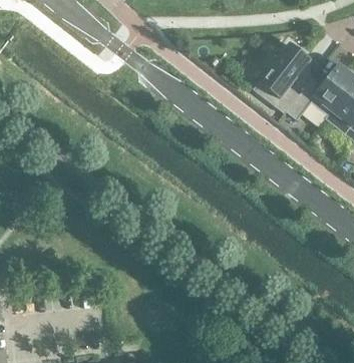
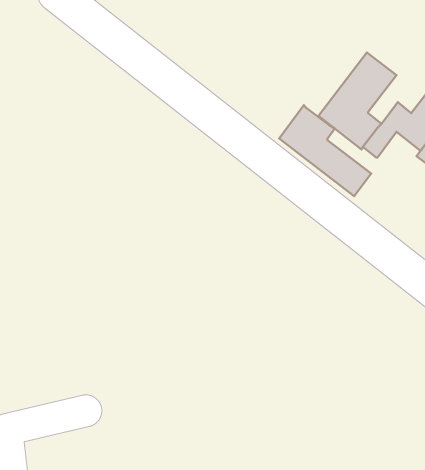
building: none -> [279,105,371,196]

